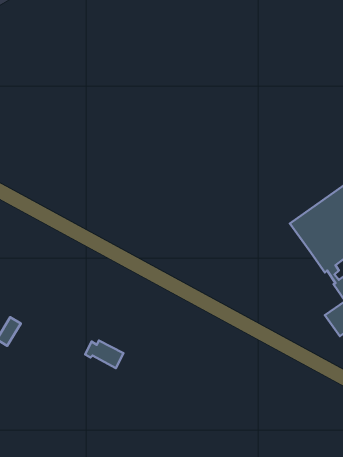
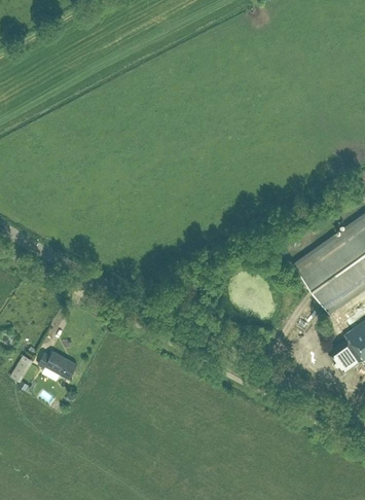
building: [85,341,123,368] -> [38,352,75,379]

